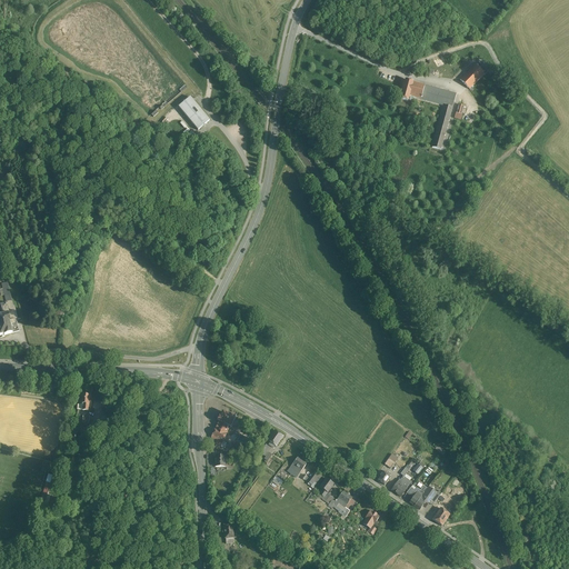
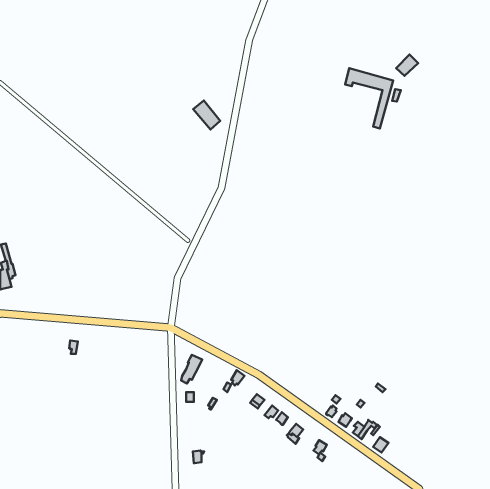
building: [178,97,209,130] -> [193,101,220,129]

